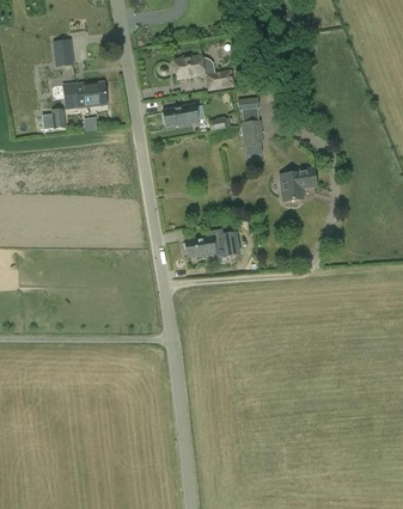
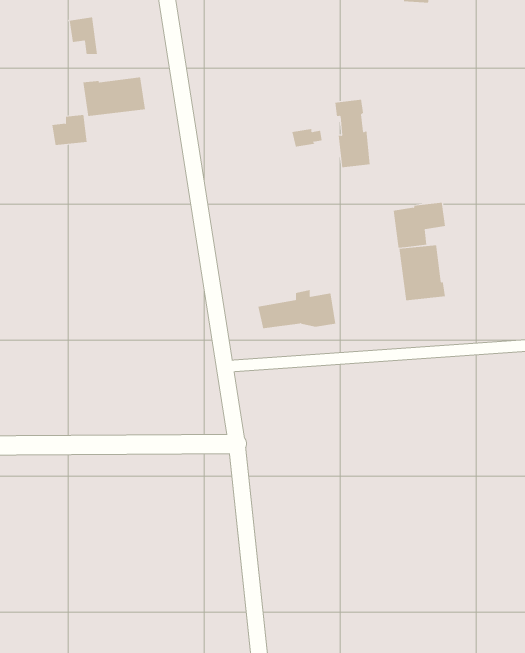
building: [175,56,234,91] -> none
building: [164,105,199,127] -> none
building: none -> [399,244,446,301]

